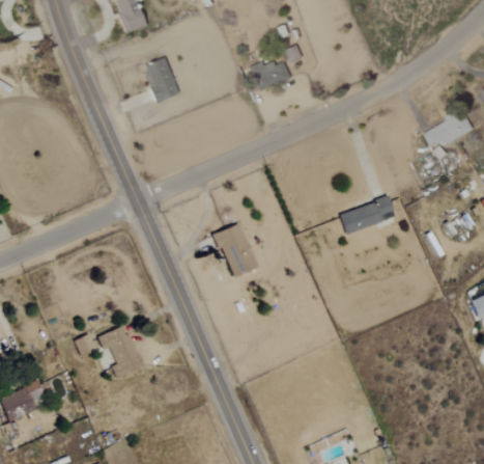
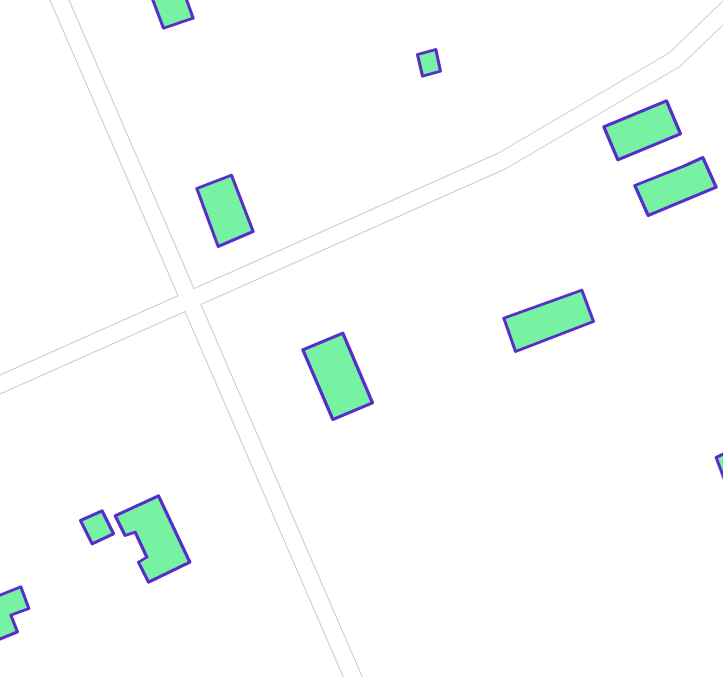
building: [143,58,178,103] -> [197,175,253,247]
building: [252,58,290,90] -> none
building: none -> [604,101,681,160]

